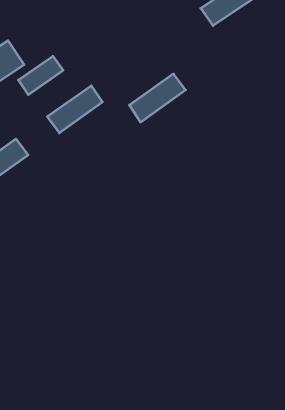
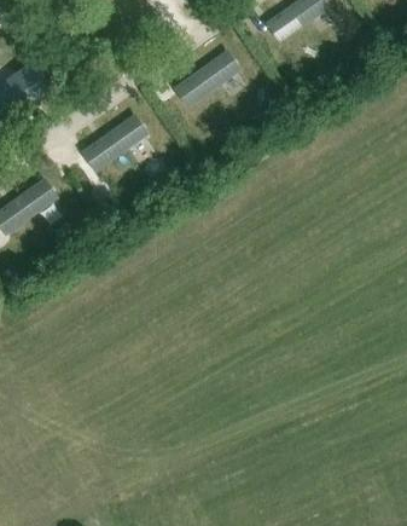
building: [18,56,63,95] -> none
building: [129,74,186,122] -> [174,50,242,108]

